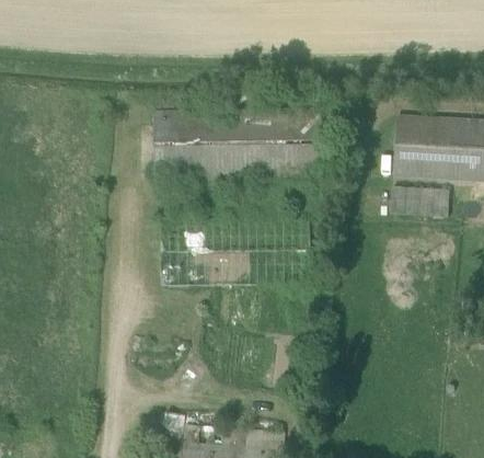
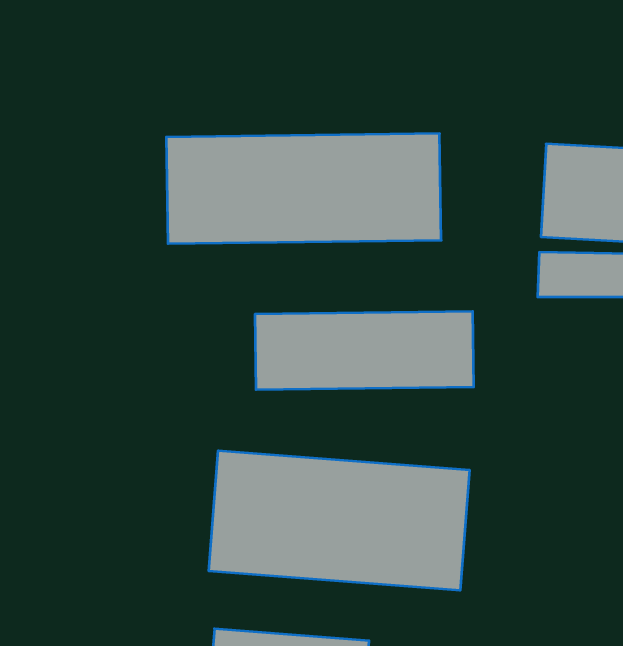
building: none -> [255,311,474,390]
building: none -> [209,451,469,590]

